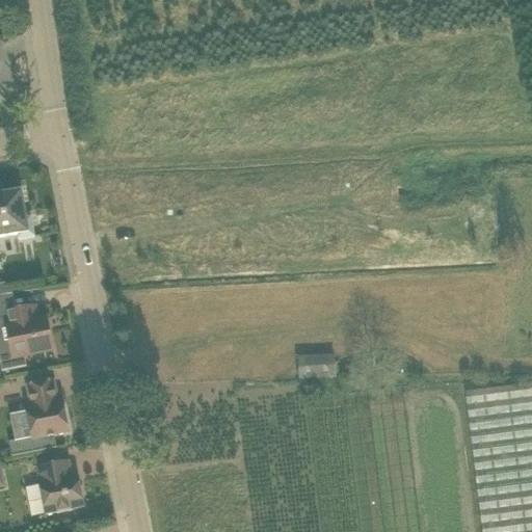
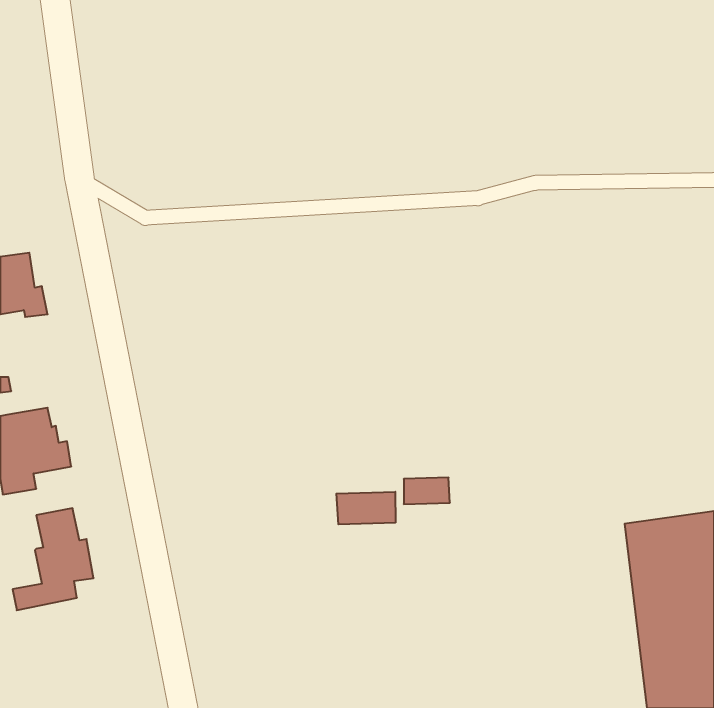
building: none -> [336,492,395,524]
building: [37,458,84,512] -> none

